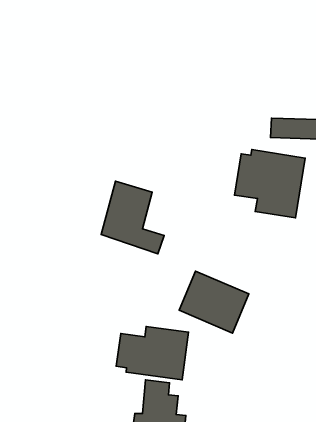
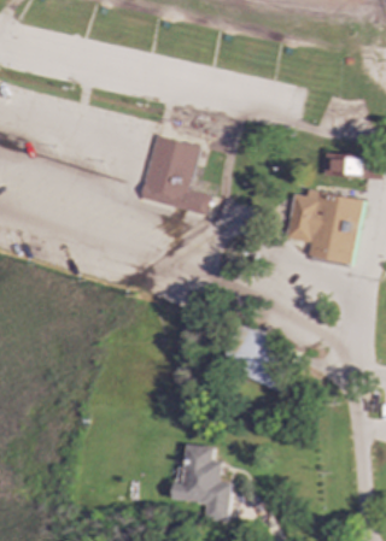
building: [101,181,164,254] -> [138,135,207,216]
building: [116,327,188,380] -> none

